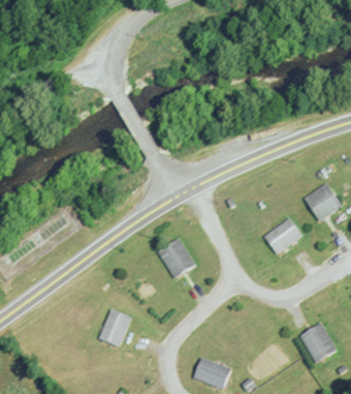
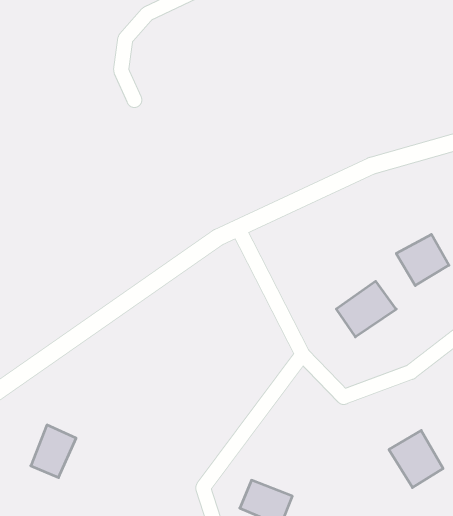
building: [157,238,195,279] -> none
building: [99,308,131,345] -> [31,425,76,478]

